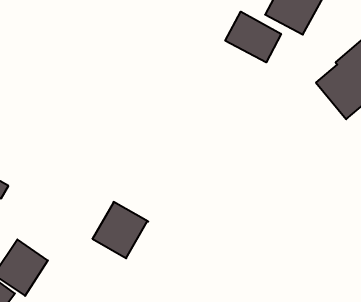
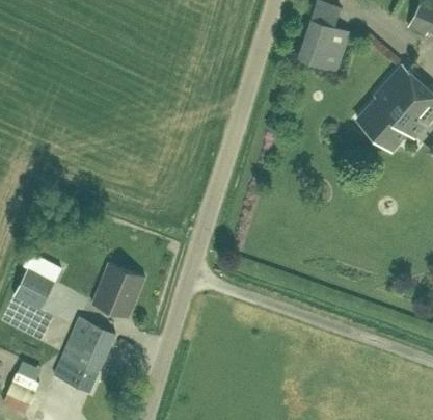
building: [225,12,281,62] -> none
building: [92,202,148,258] -> [91,263,144,317]

